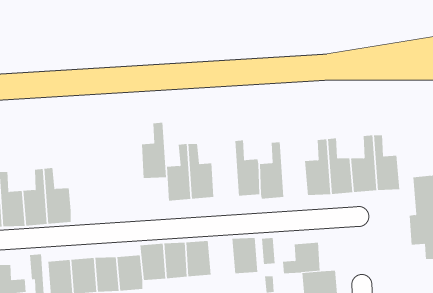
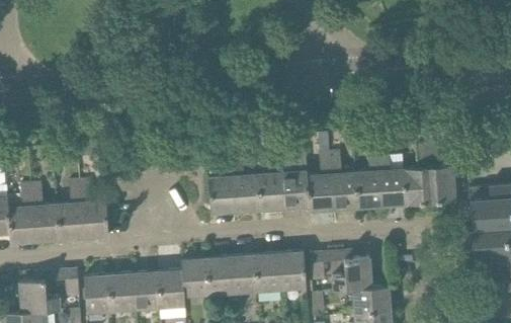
building: [141,122,167,179] -> [258,150,285,210]
building: none -> [330,151,358,210]
building: none -> [254,253,281,292]

